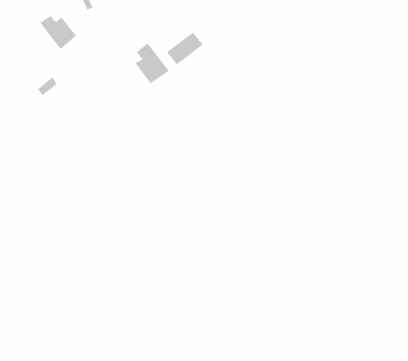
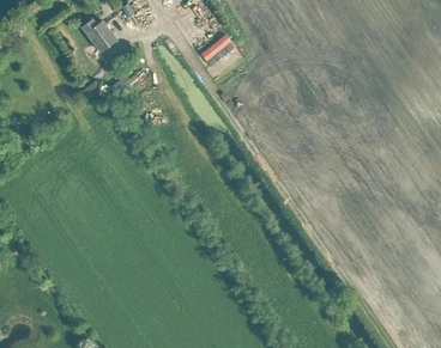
building: [135,42,169,84] -> none

